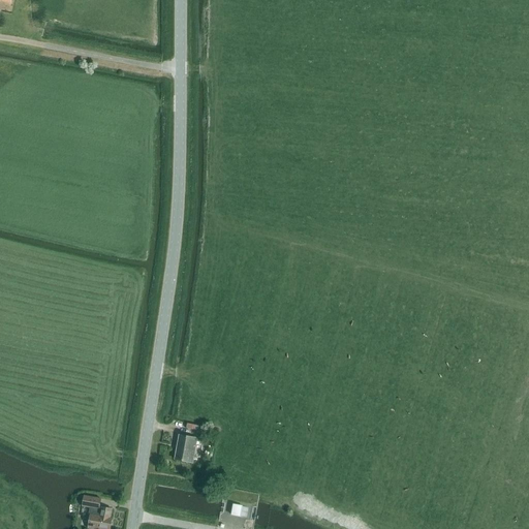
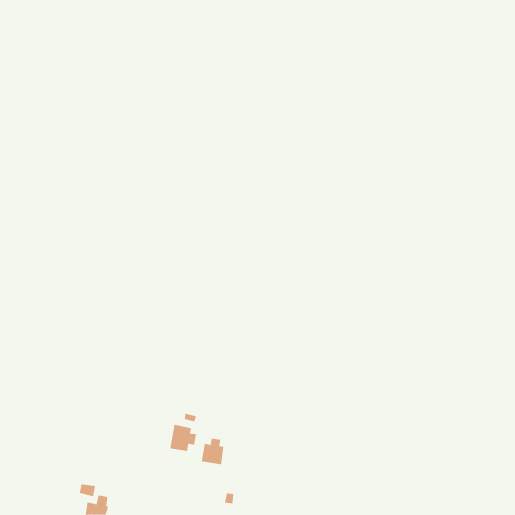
building: none -> [201,438,224,465]

